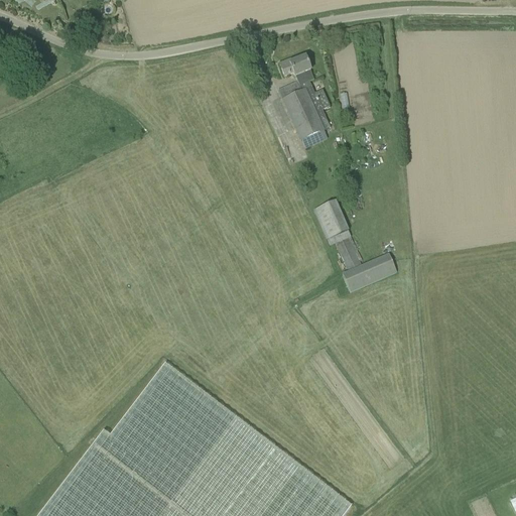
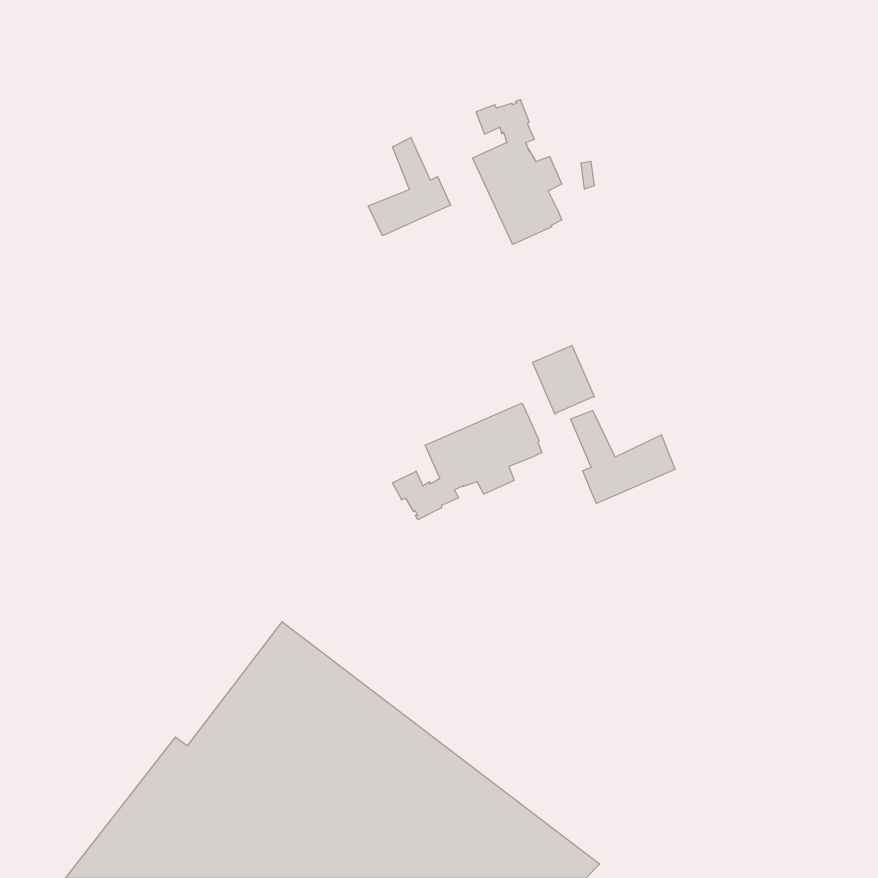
building: none -> [368,137,451,236]
building: none -> [392,403,542,520]

